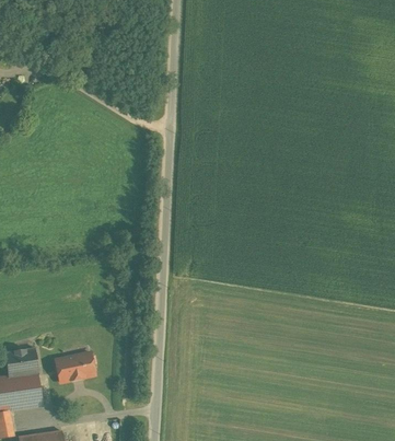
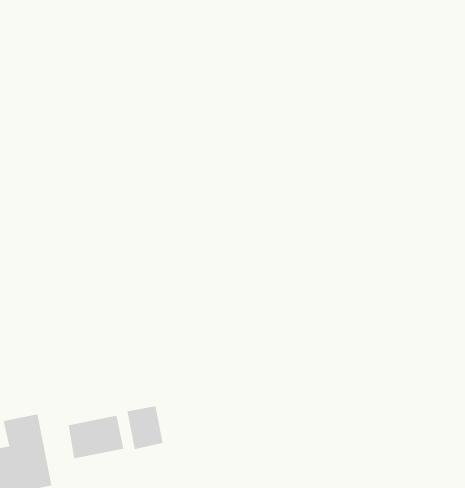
building: none -> [127,405,163,450]

